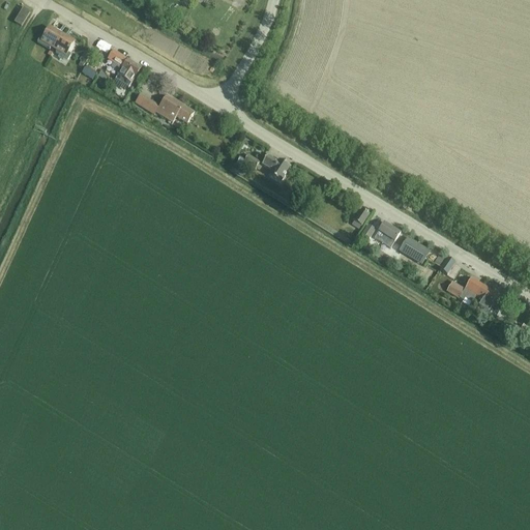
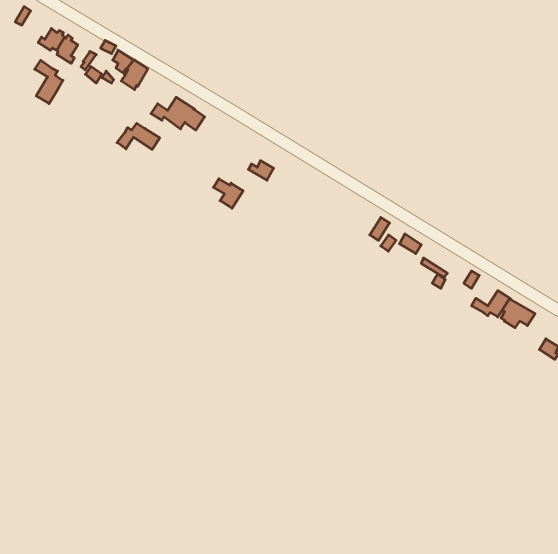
building: none -> [35,60,63,104]
building: none -> [117,123,160,149]
building: [262,153,290,181] -> [213,179,243,208]

